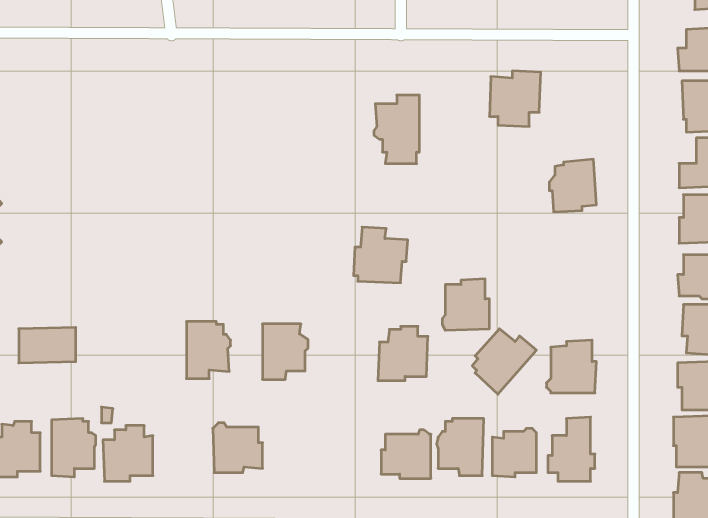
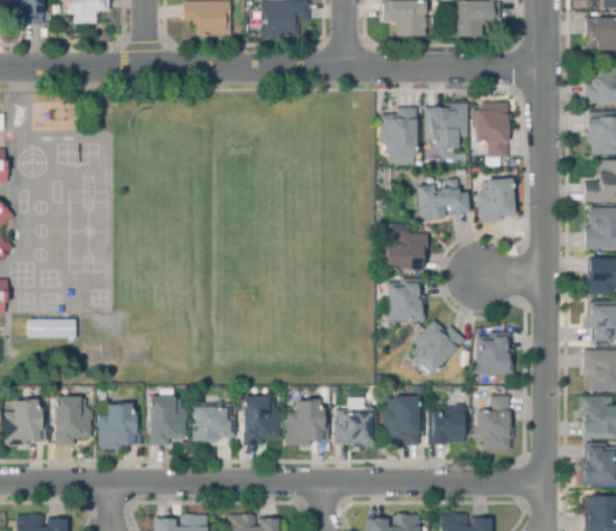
building: none -> [472,102,509,158]
building: [374,95,419,164] -> [378,107,416,165]
building: none -> [417,178,469,219]
building: [354,227,408,283] -> [383,223,428,270]
building: [186,322,231,379] -> [149,396,186,444]
building: [262,324,308,379] -> [243,397,282,444]
building: [378,326,428,381] -> [286,399,328,444]

